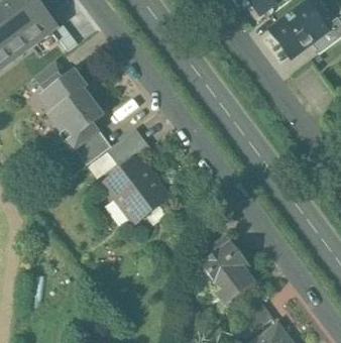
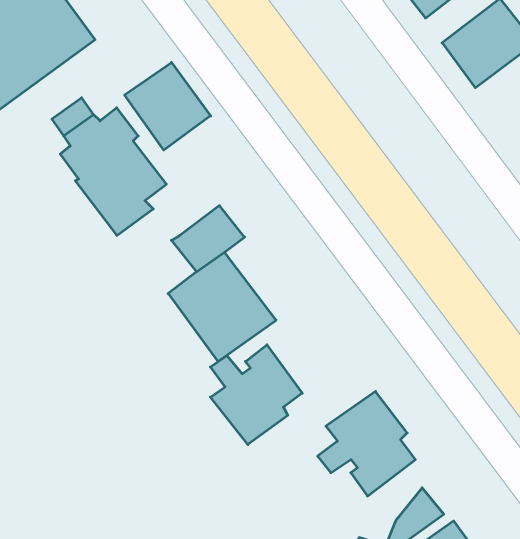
building: none -> [125,62,211,150]
building: [74,130,112,164] -> none
building: none -> [210,345,302,445]

